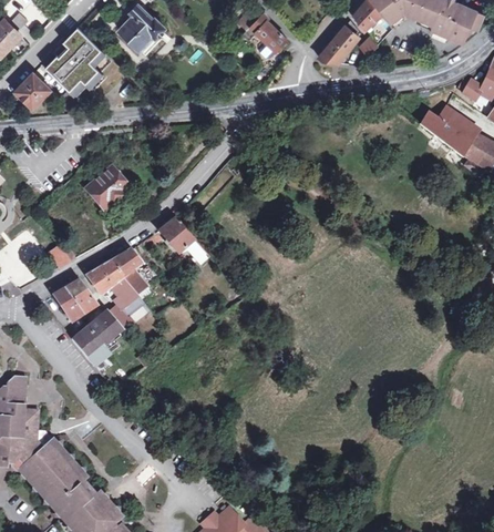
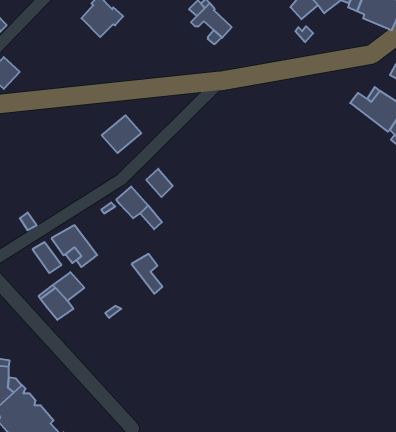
building: [319,21,360,61] -> none
building: [45,25,112,105] -> none
building: [85,166,130,208] -> [102,115,141,153]
building: none -> [146,169,173,197]
building: [112,248,146,293] -> [132,254,162,294]
building: [53,286,84,321] -> none

